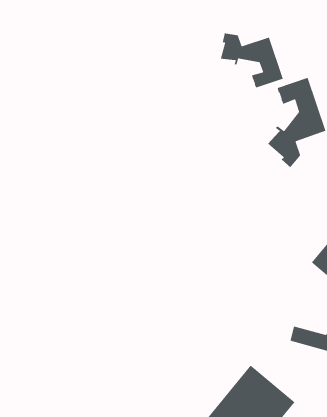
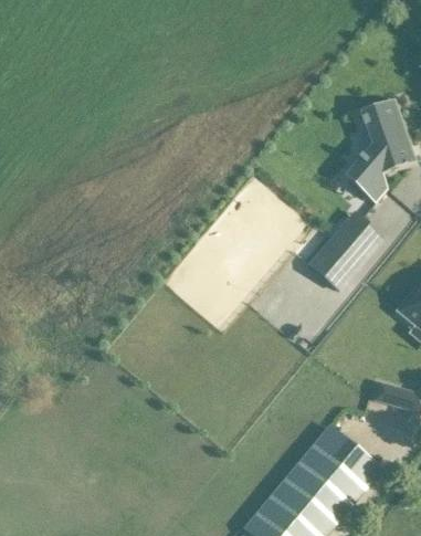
building: [220,33,284,89] -> none
building: none -> [306,212,381,291]

